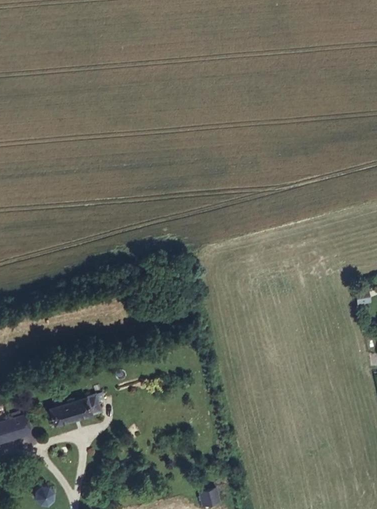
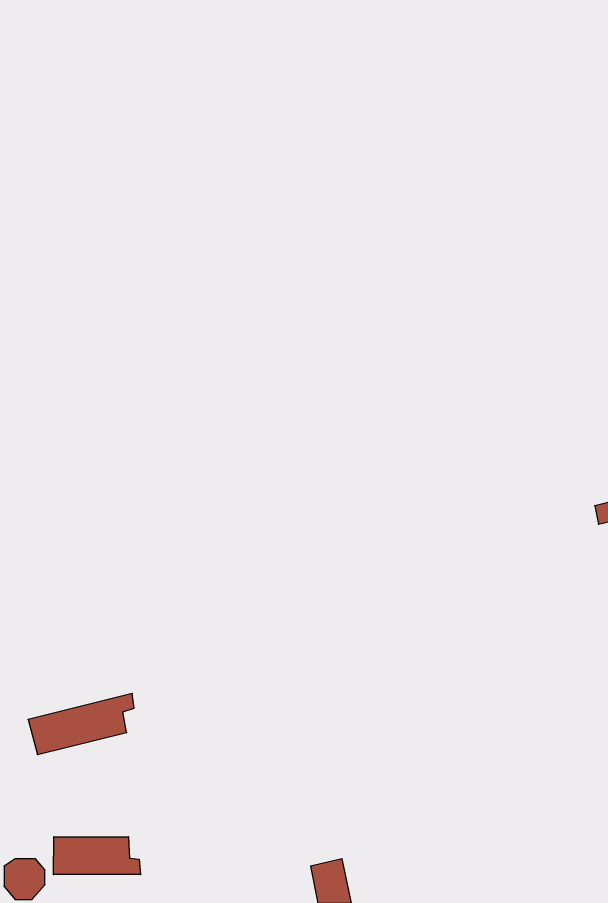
building: none -> [53,837,141,875]

